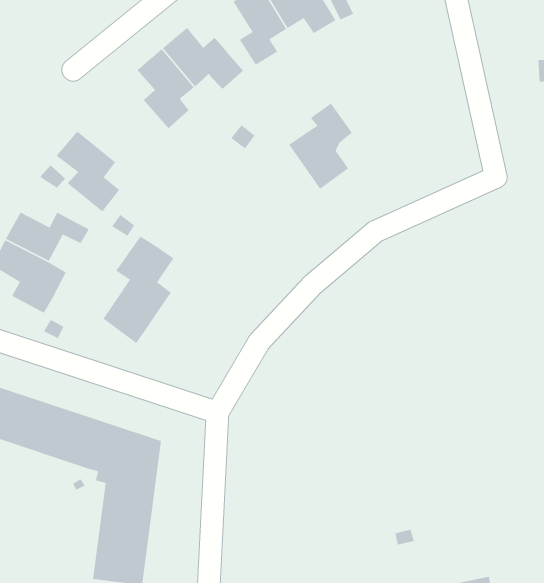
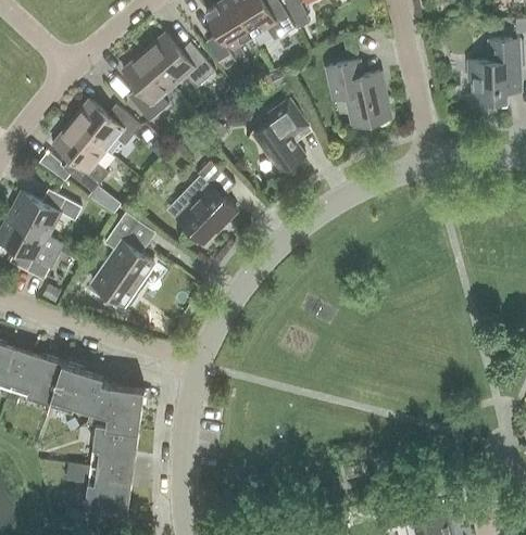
building: none -> [328,61,388,129]
building: none -> [71,100,140,150]
building: none -> [166,161,236,243]

